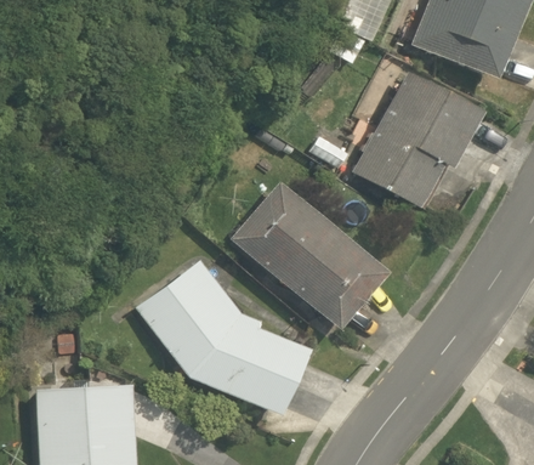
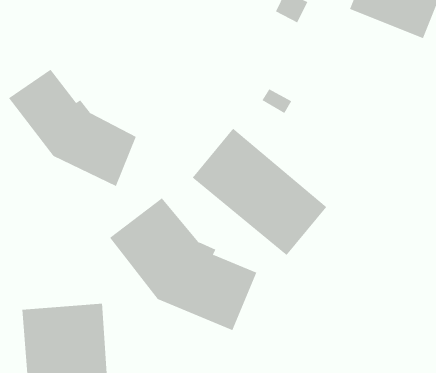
building: [356,70,483,206] -> none
building: none -> [8,69,137,187]

